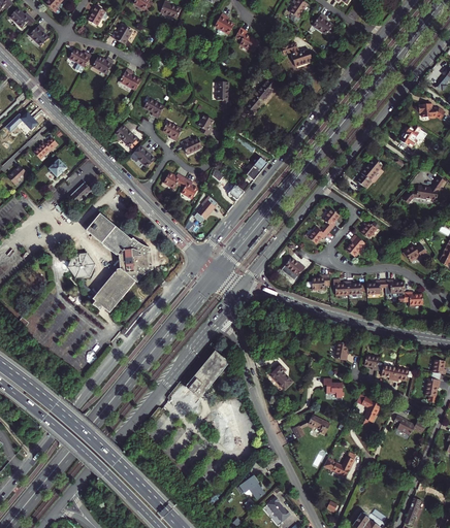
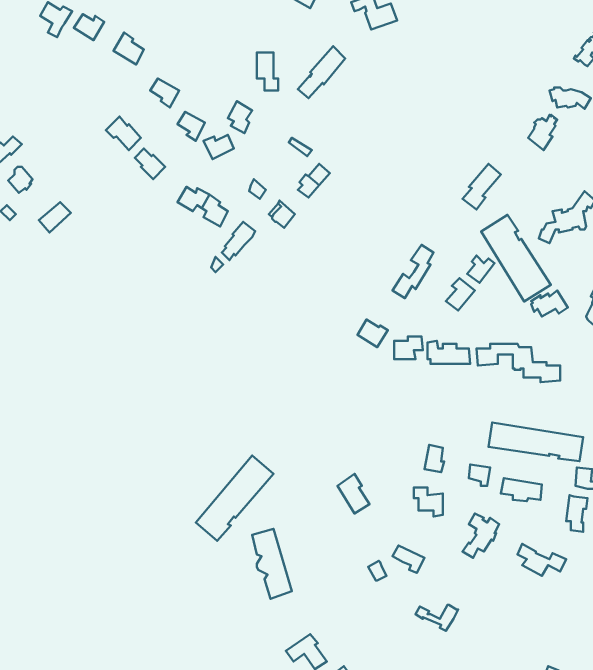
building: none -> [481,215,551,301]
building: [66,213,152,312] -> none
building: none -> [489,422,583,461]

